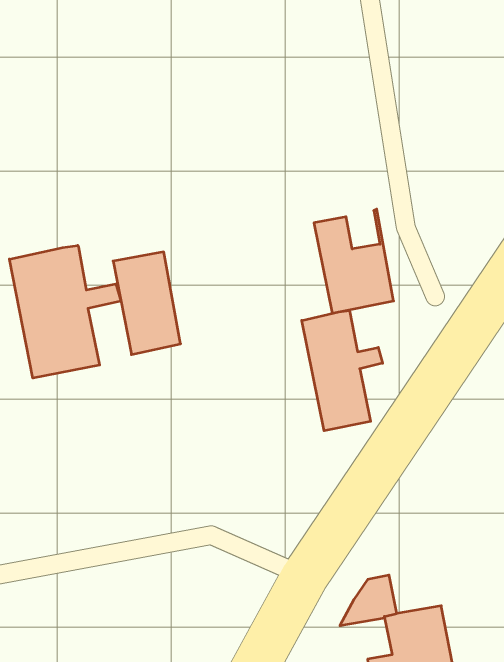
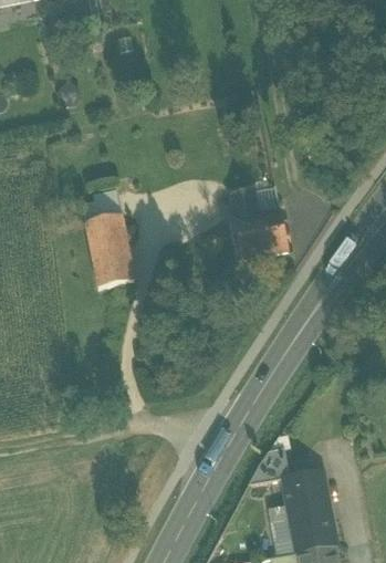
building: [9,245,121,378] -> none
building: [302,310,383,431] -> none

